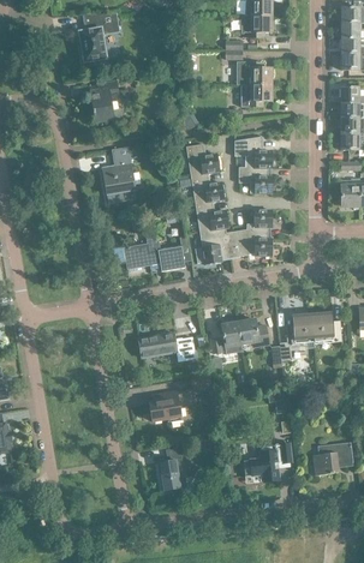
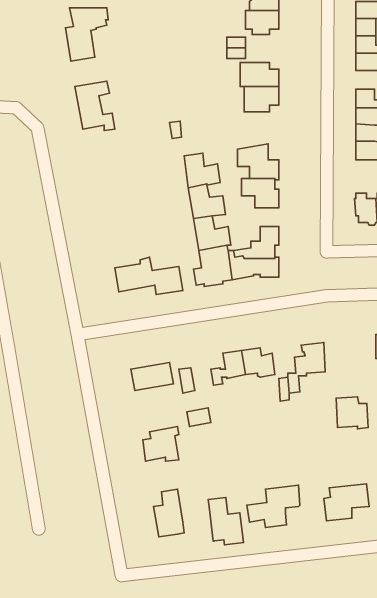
building: [102,144,136,202] -> none
building: [312,312,341,341] -> [336,397,368,429]
building: none -> [208,498,243,545]

